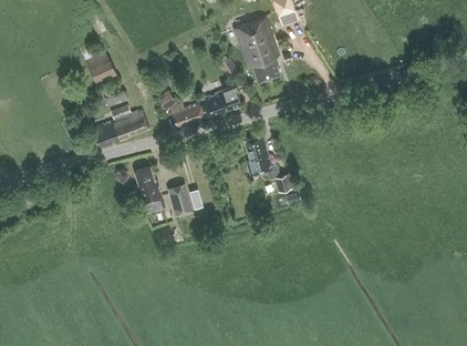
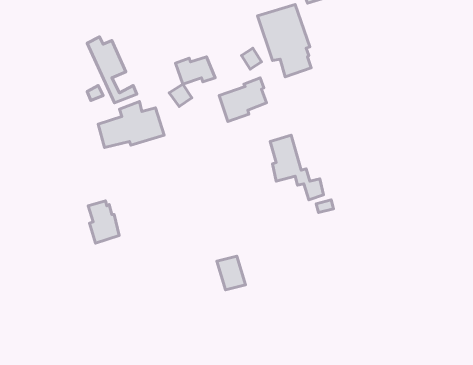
building: [170,103,206,128] -> [175,57,215,84]
building: [134,167,162,205] -> [88,201,119,243]
building: [167,184,193,214] -> [217,256,245,290]

